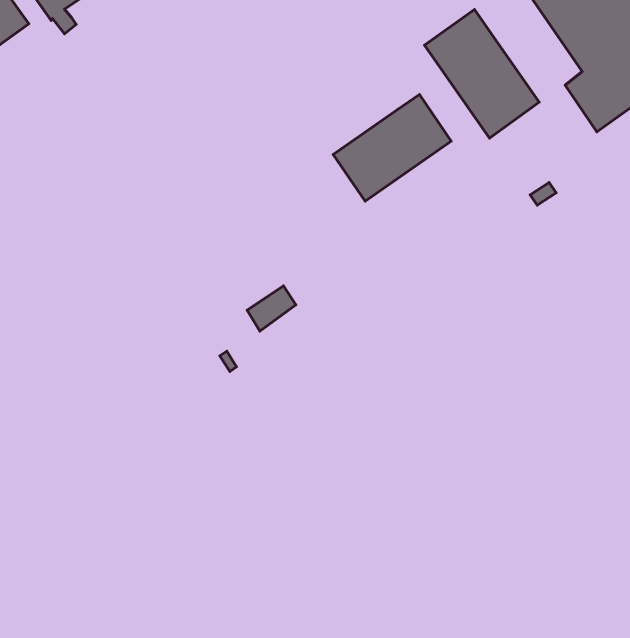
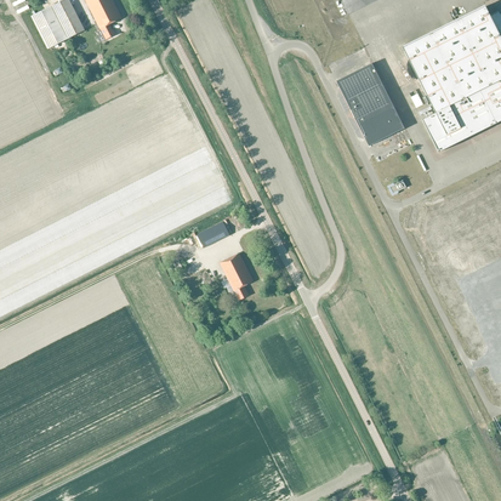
building: [333,94,451,201] -> none
building: none -> [220,252,252,300]

